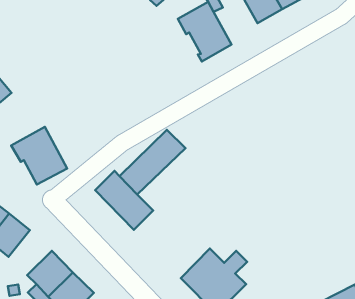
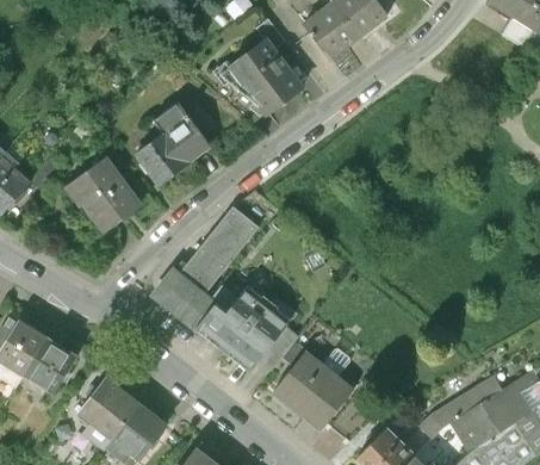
building: none -> [136,104,209,185]
building: [11,127,67,185] -> [66,157,139,231]
building: none -> [205,284,299,372]

